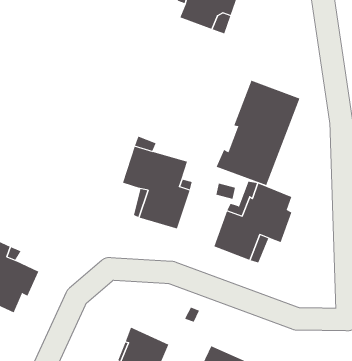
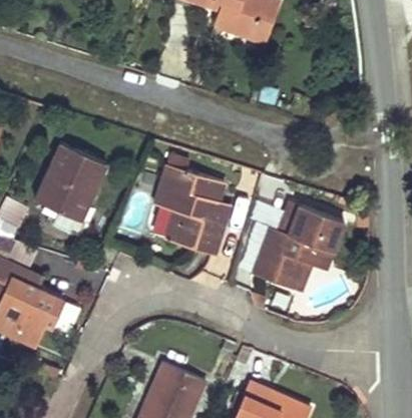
building: [216,80,300,186] -> none
building: none -> [34,143,106,222]

